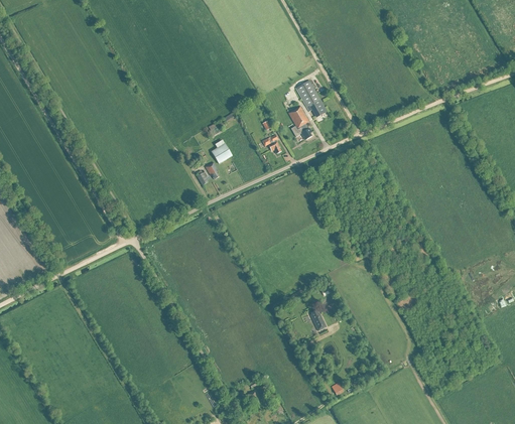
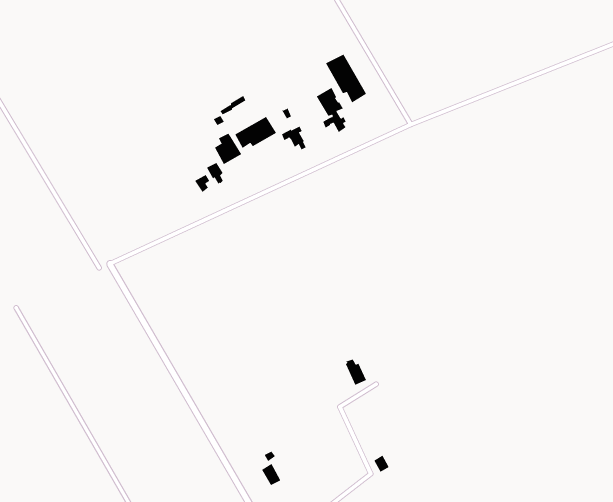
building: none -> [235,116,277,149]

